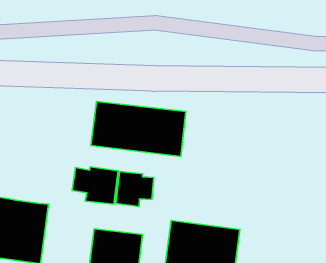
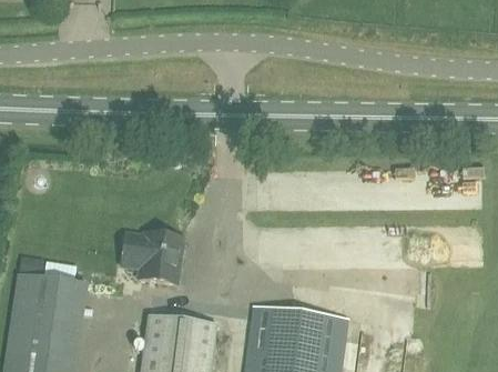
building: [91,102,186,156] -> none
building: [116,172,154,207] -> none

